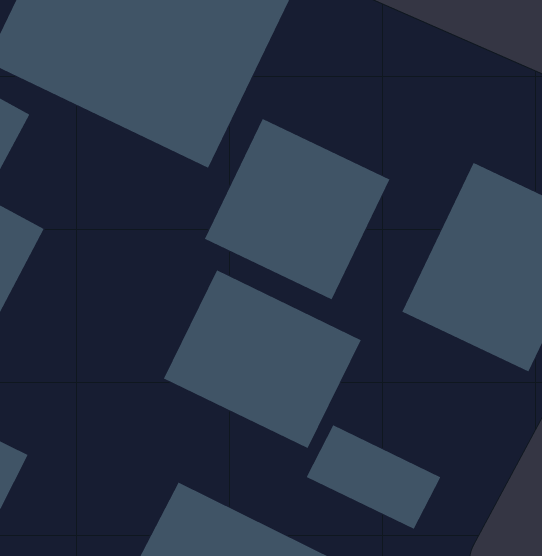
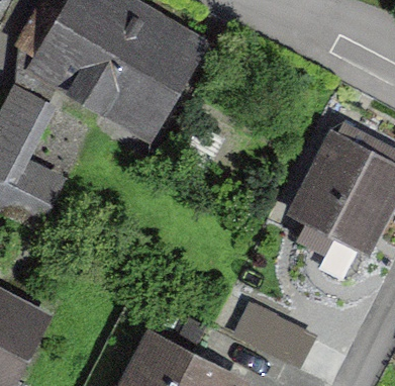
building: [204,118,390,300] -> none
building: [163,270,362,449] -> none

